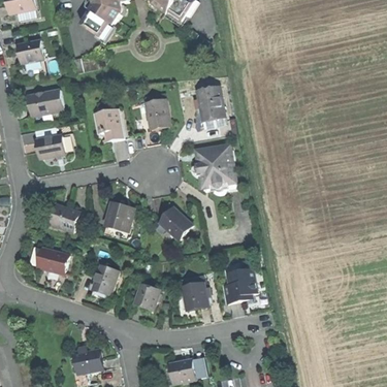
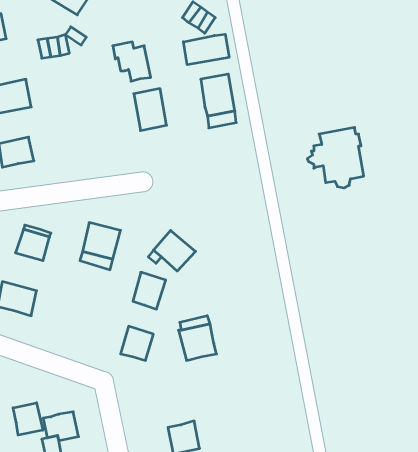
building: none -> [183,34,229,65]
building: [93,109,123,140] -> [113,42,151,81]
building: [191,142,235,190] -> [307,127,364,188]
building: [92,264,118,293] -> [133,272,166,309]
building: [223,266,256,301] -> none
building: none -> [13,403,43,435]

